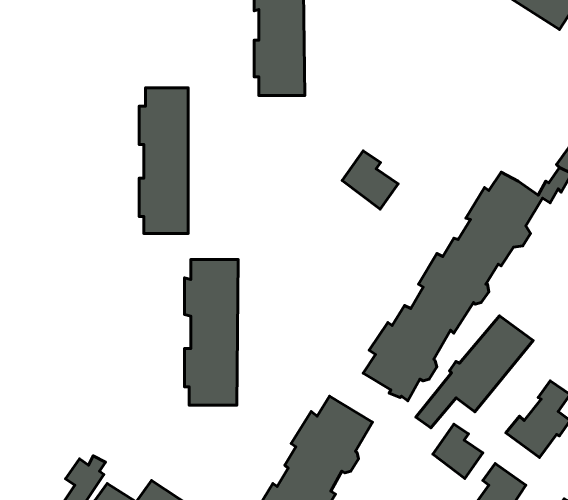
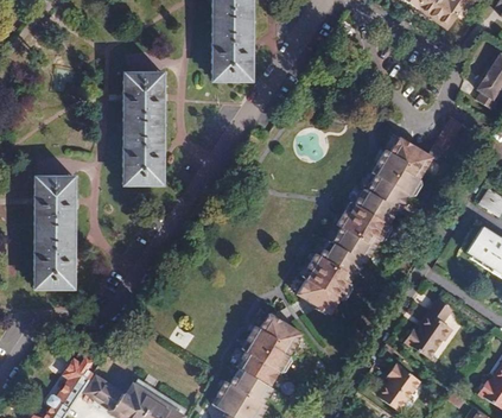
building: [342,151,398,209] -> none
building: [185,259,238,405] -> [31,178,72,291]
building: [416,316,533,428] -> none
building: [433,424,483,478] -> none

